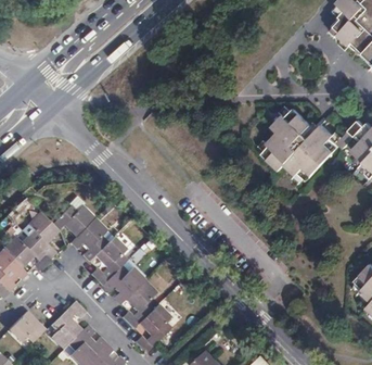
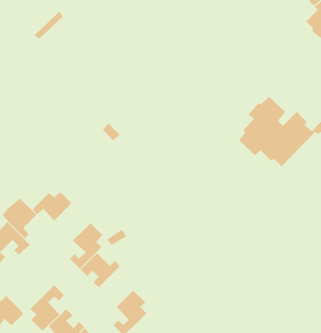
building: [69,218,106,261] -> none
building: [121,282,156,329] -> none

